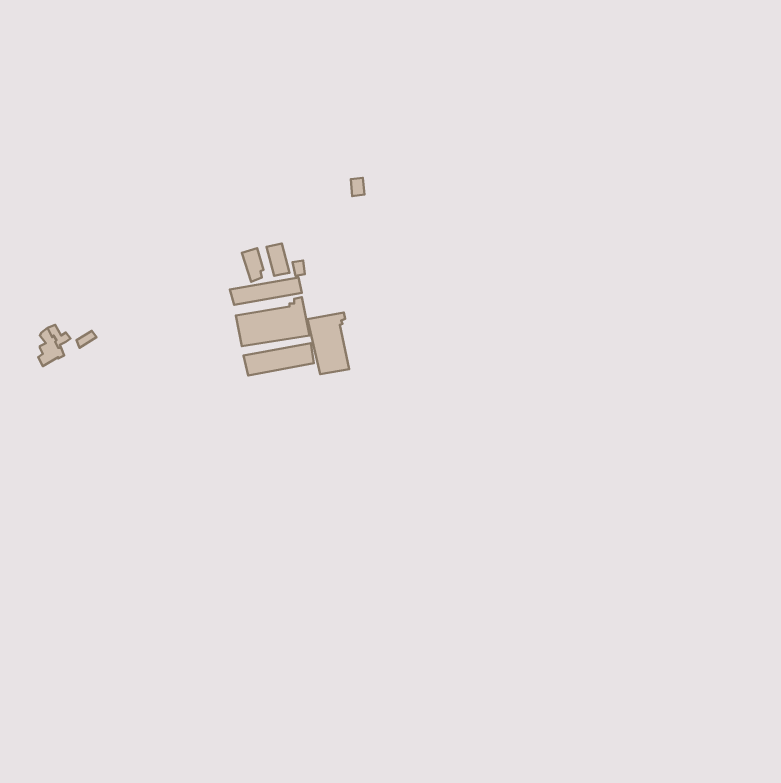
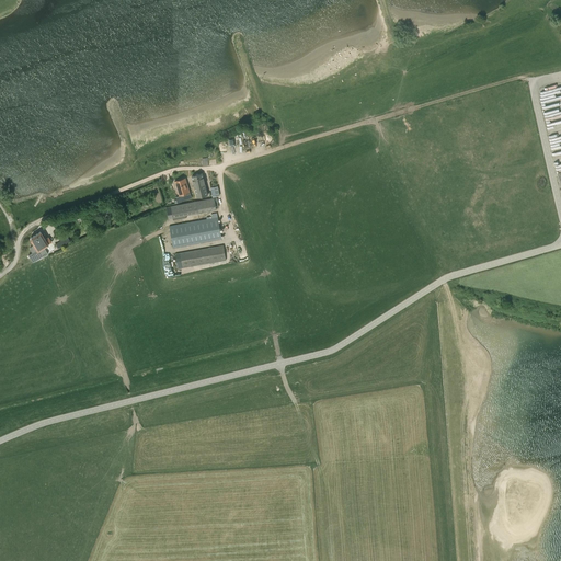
building: [308,313,349,374] -> none

